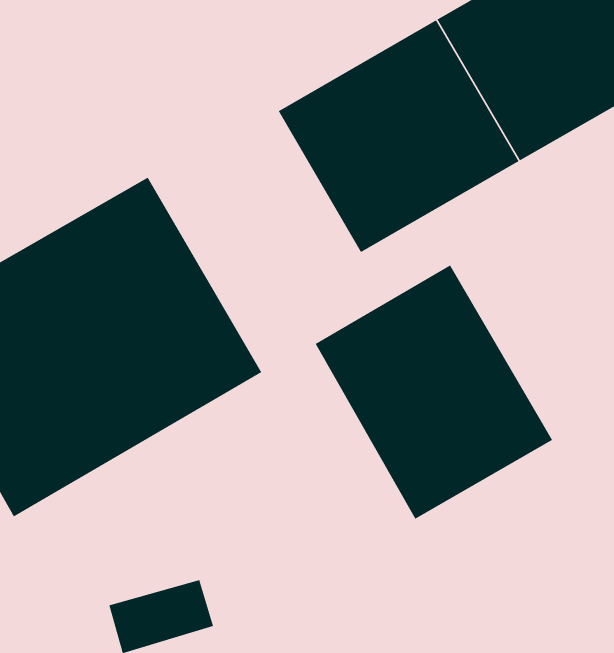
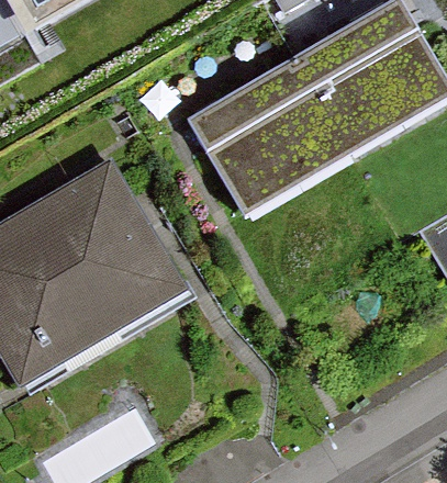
building: [315,264,553,520] -> none

